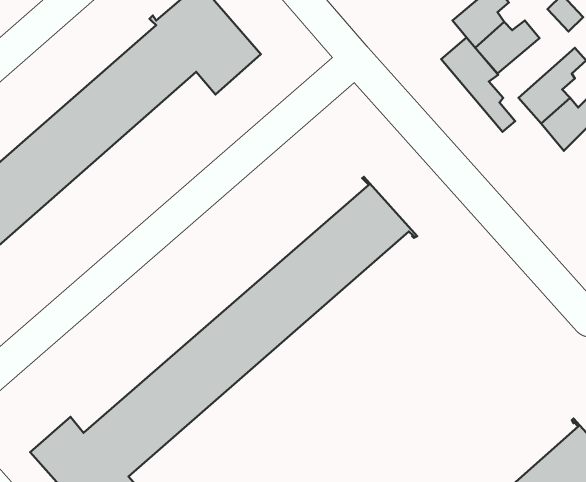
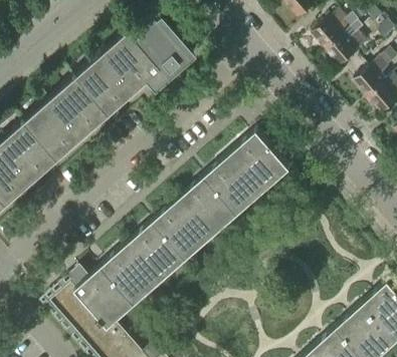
building: [441,38,515,132] -> none

